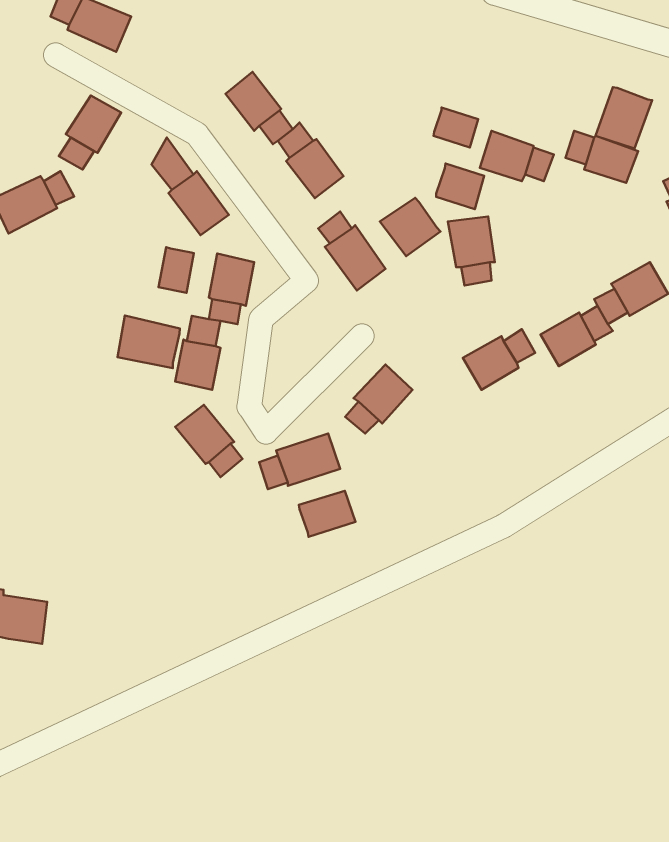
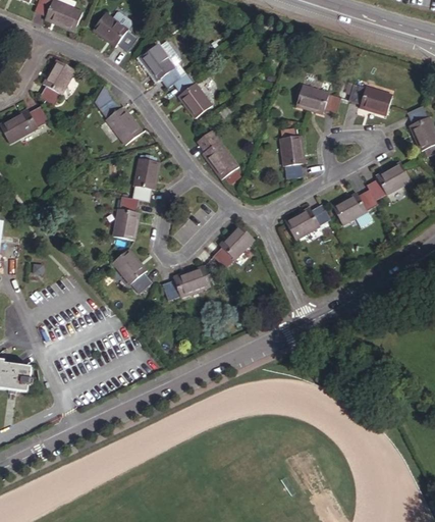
building: none -> [90,13,135,54]
building: [595,87,652,148] -> none
building: [433,107,478,148] -> none
building: [436,163,484,209] -> none
building: [380,198,440,256] -> none
building: [159,247,194,293] -> none
building: [118,316,180,368] -> none
building: [299,491,355,537] -> none

